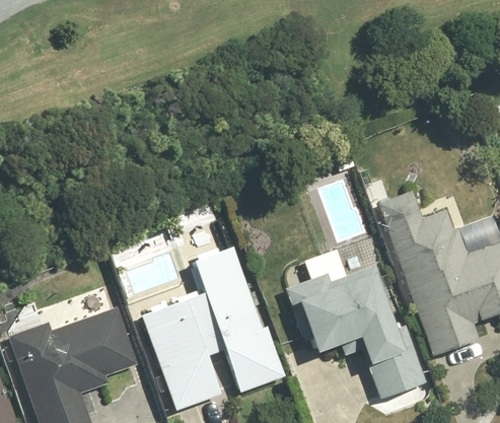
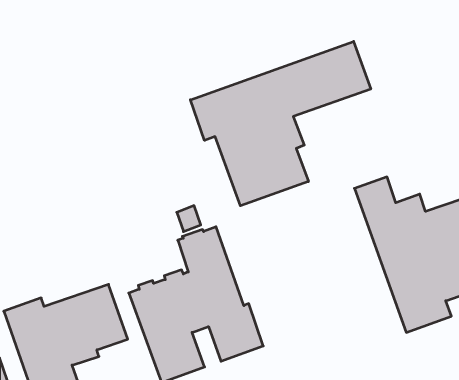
building: none -> [190,41,371,206]
building: [284,266,426,401] -> none

